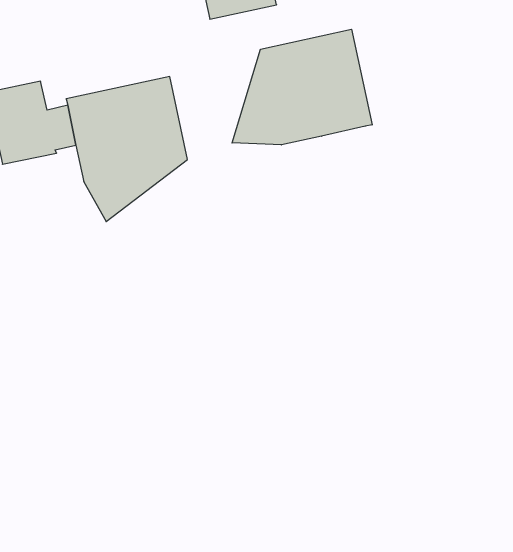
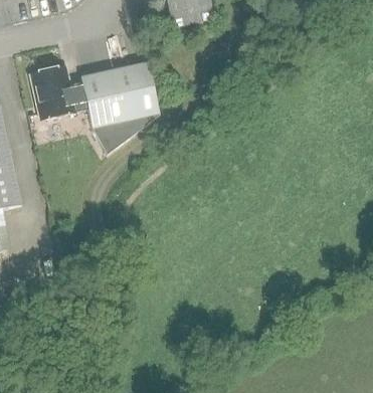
building: [232,29,372,145] -> none

